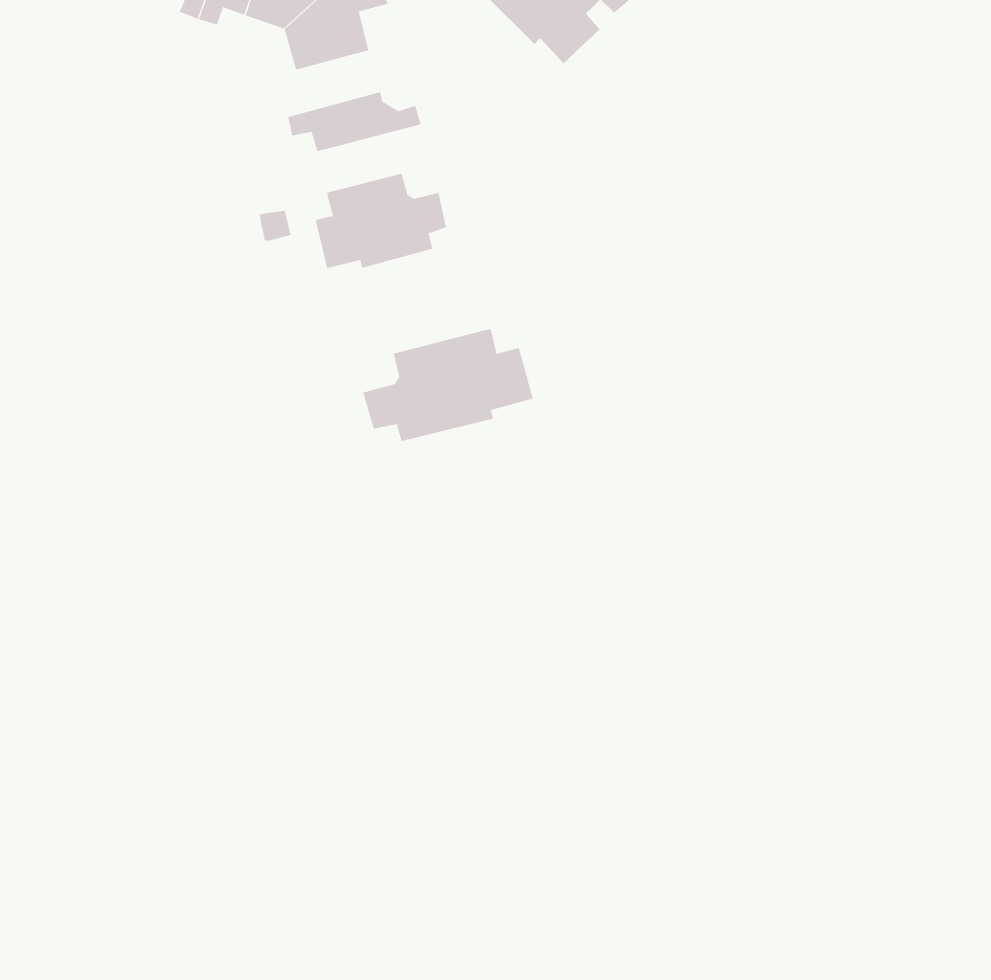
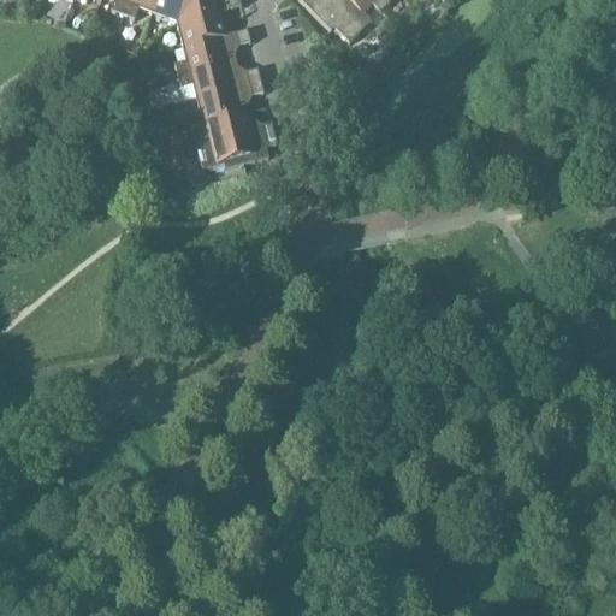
building: none -> [176,26,251,72]
building: none -> [189,77,265,124]
building: [362,328,533,442] -> none

